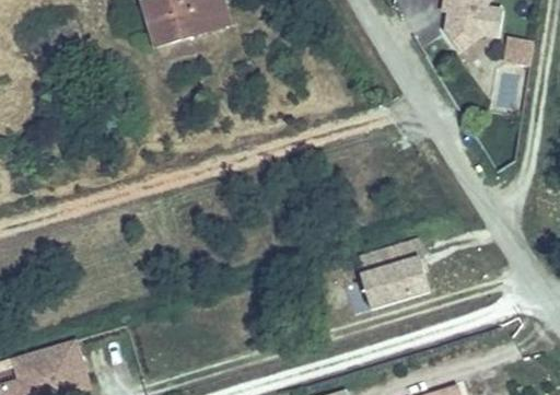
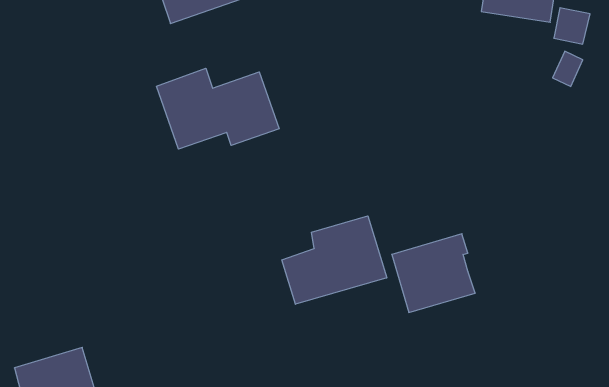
building: none -> [157,68,279,149]
building: none -> [282,216,387,304]

